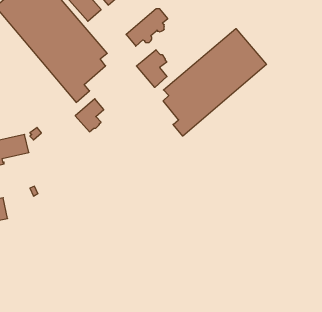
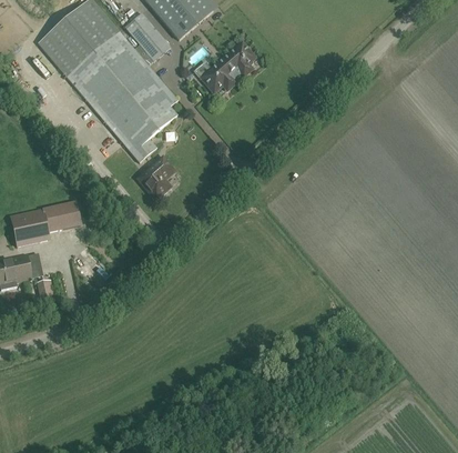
building: [163,29,266,136] -> none
building: [136,50,167,87] -> none

